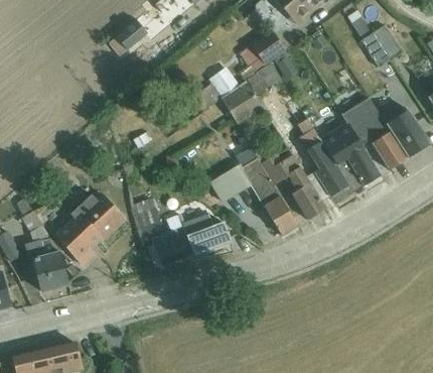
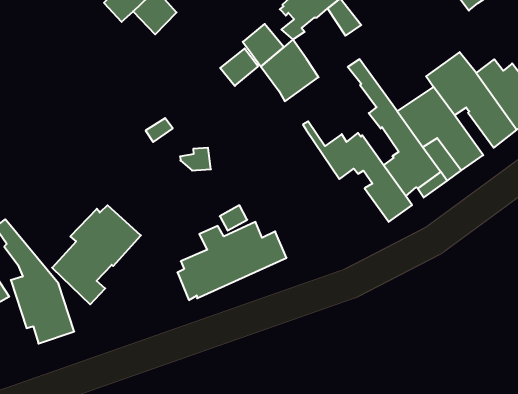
building: [247,64,281,95] -> none
building: [192,147,299,235] -> none
building: [134,198,164,236] -> none

